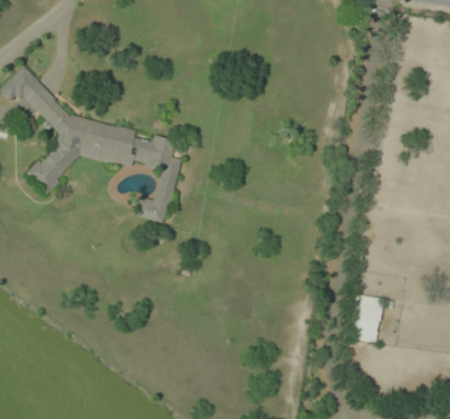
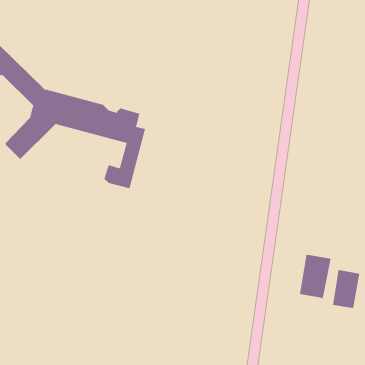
building: none -> [333,269,360,309]

